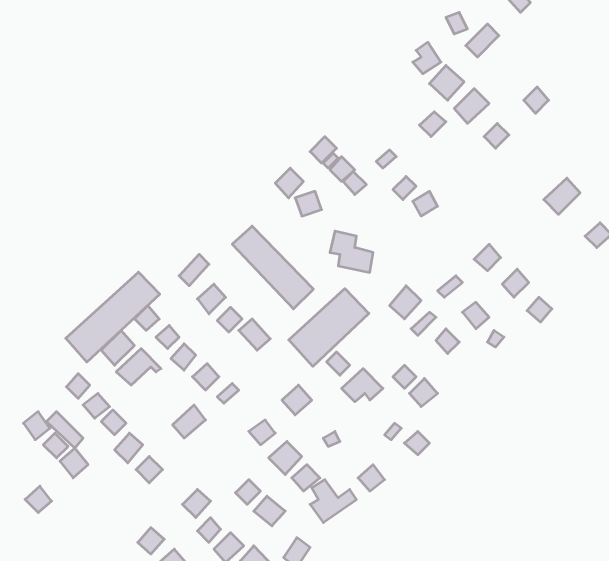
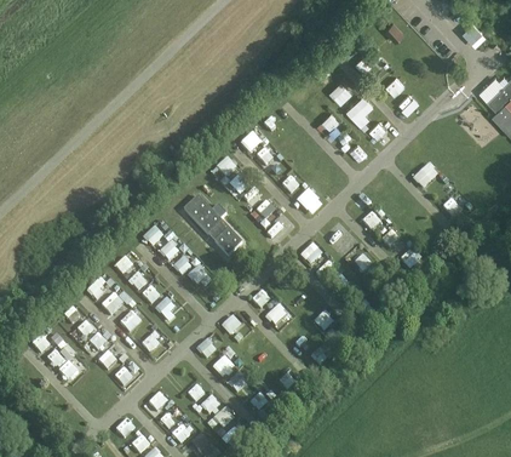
building: [66,272,160,362] -> none
building: [289,289,369,366] -> none

